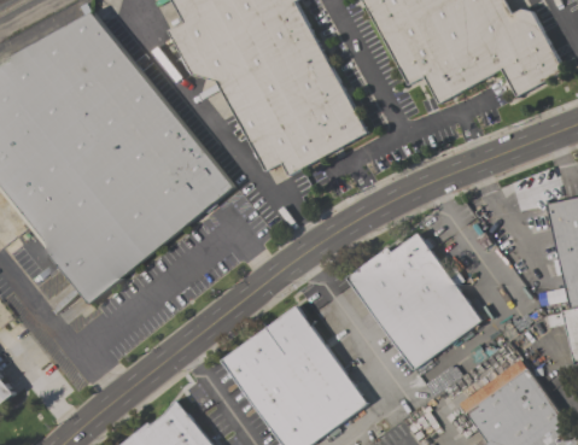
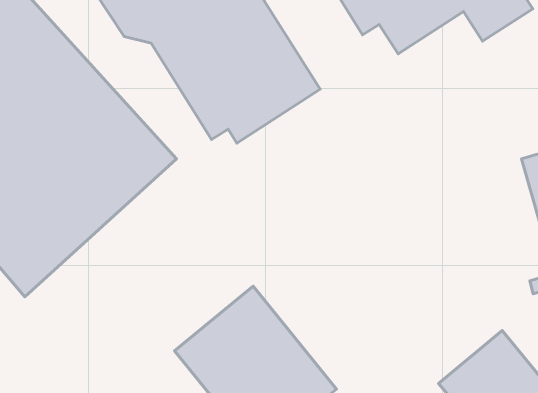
building: [346,232,481,370] -> none

